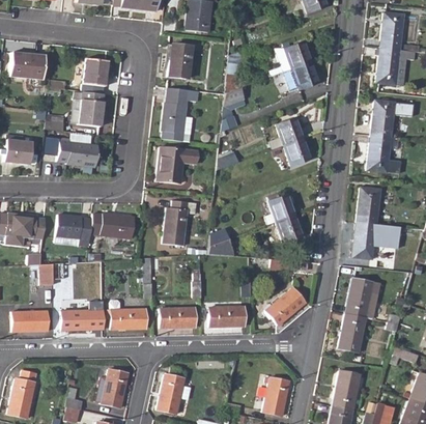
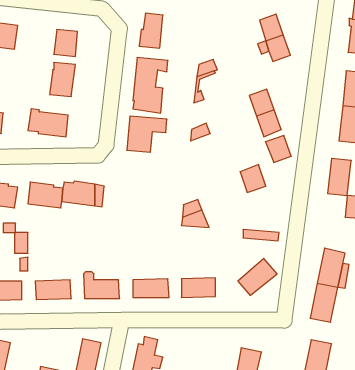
building: [161,198,193,243] -> none
building: [276,216,302,243] -> [265,136,291,162]
building: [353,223,376,259] -> none

